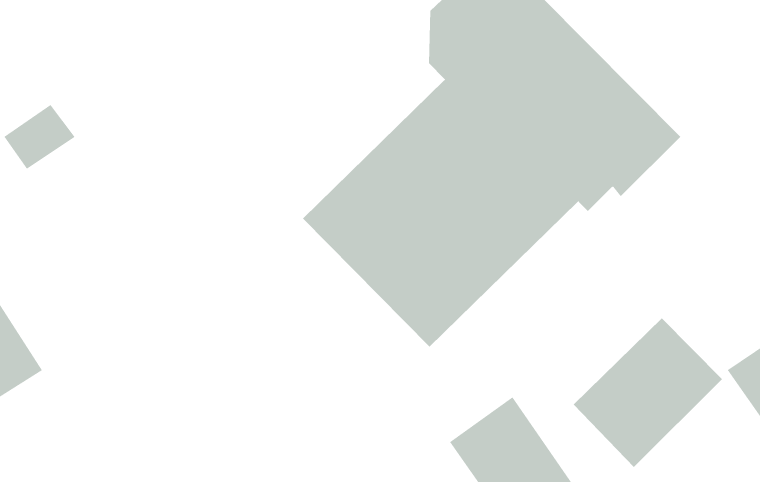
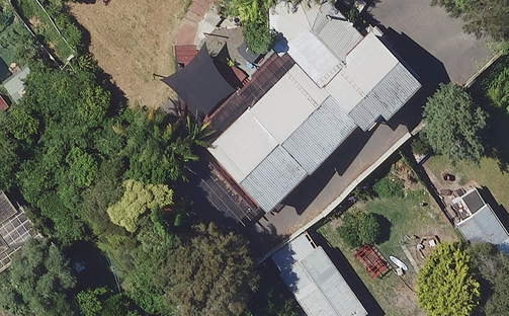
building: [573,318,723,468] -> none

